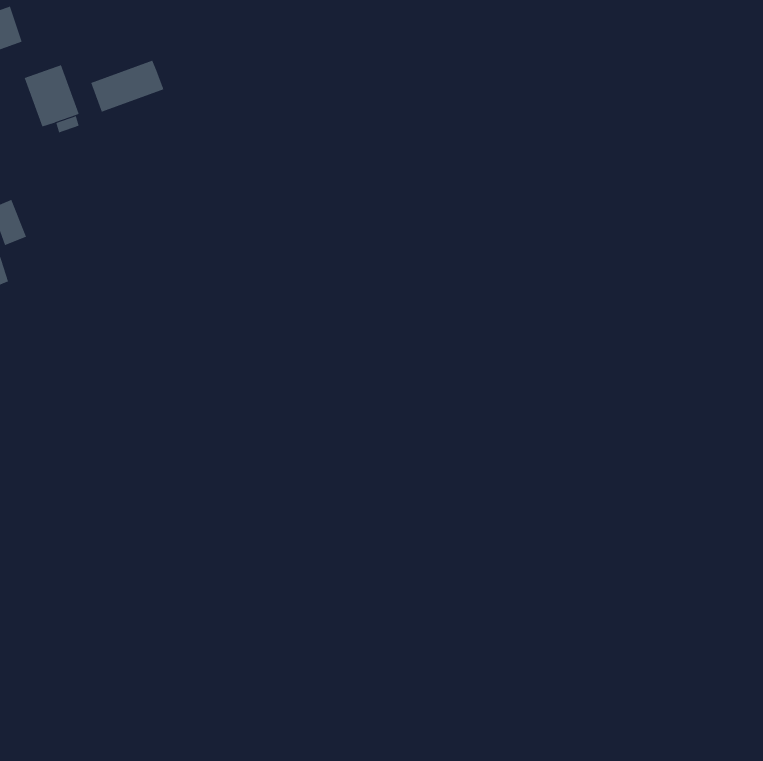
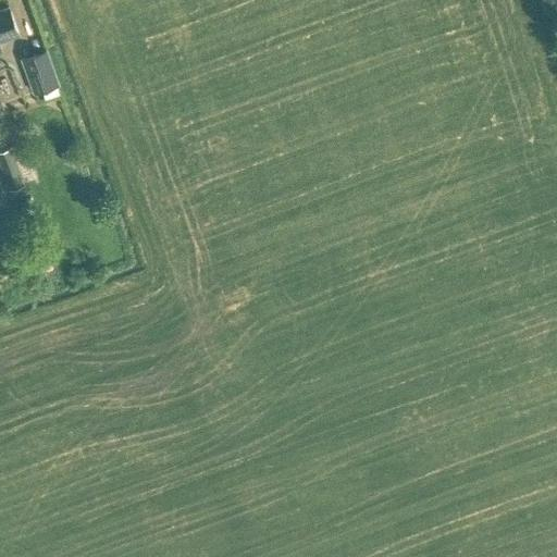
building: [90,60,164,112] -> none

